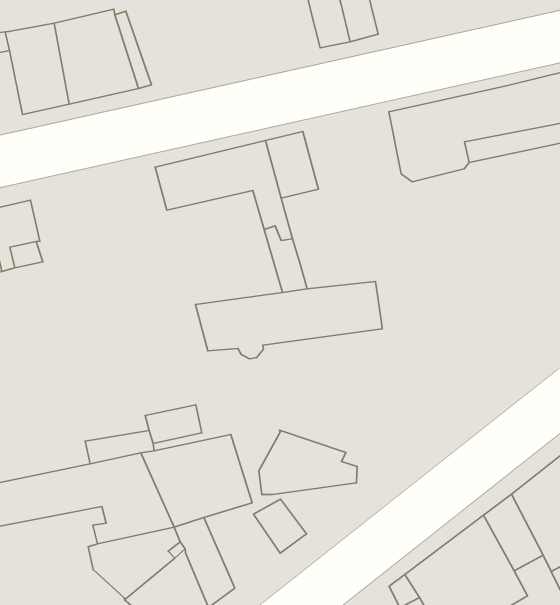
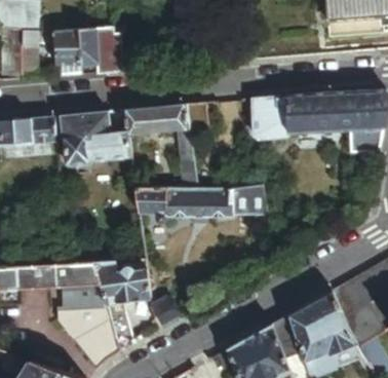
building: none -> [55,112,130,167]
building: none -> [233,186,268,218]
building: [259,430,357,495] -> none

